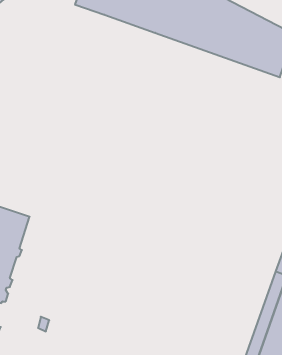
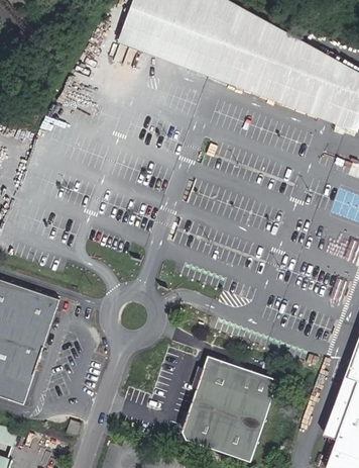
building: none -> [186,352,280,455]

